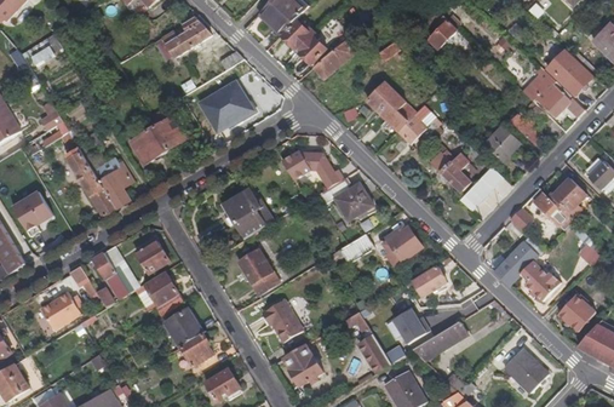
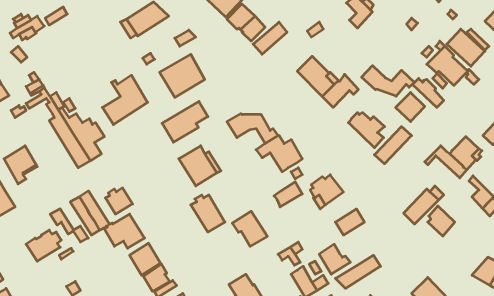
building: none -> [362,66,414,96]
building: none -> [162,101,208,142]
building: [557,294,593,331] -> none
building: [259,300,302,343] -> [232,211,267,246]

